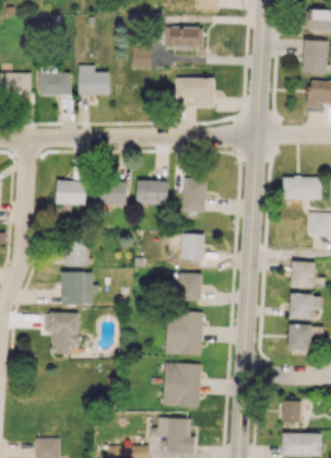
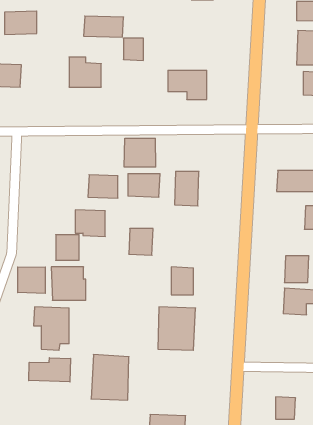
building: [164,26,203,47] -> [84,16,124,37]
building: [39,72,71,95] -> [5,11,37,34]
building: none -> [124,138,156,167]
building: [57,180,86,207] -> [75,210,105,236]
building: [180,234,204,260] -> [129,229,153,255]
building: none -> [18,267,45,293]
building: [288,324,312,350] -> none
building: none -> [29,358,71,382]
building: [163,362,200,407] -> [91,355,129,400]

